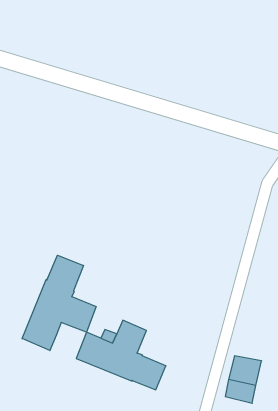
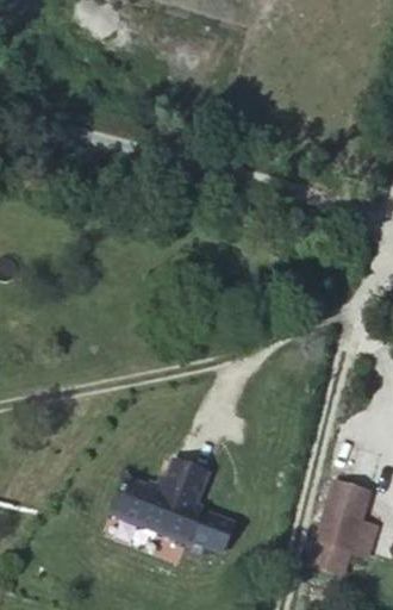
building: [22,255,96,351] -> none
building: none -> [331,479,375,517]

